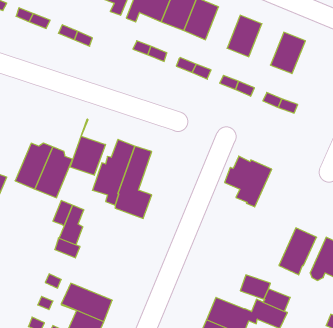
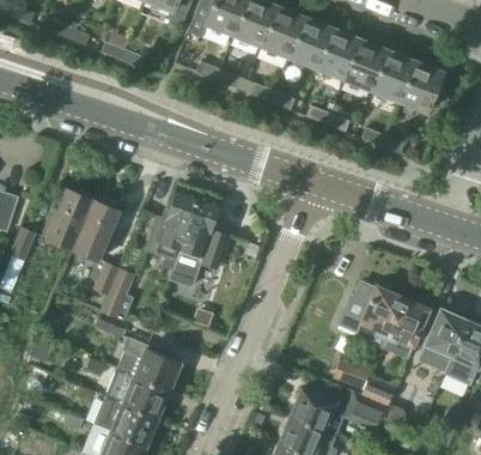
building: none -> [288,18,333,71]
building: none -> [343,40,388,92]
building: none -> [398,61,444,115]
building: [70,119,105,175] -> none
building: [225,156,272,207] -> [343,283,403,347]
building: none -> [117,339,182,392]

